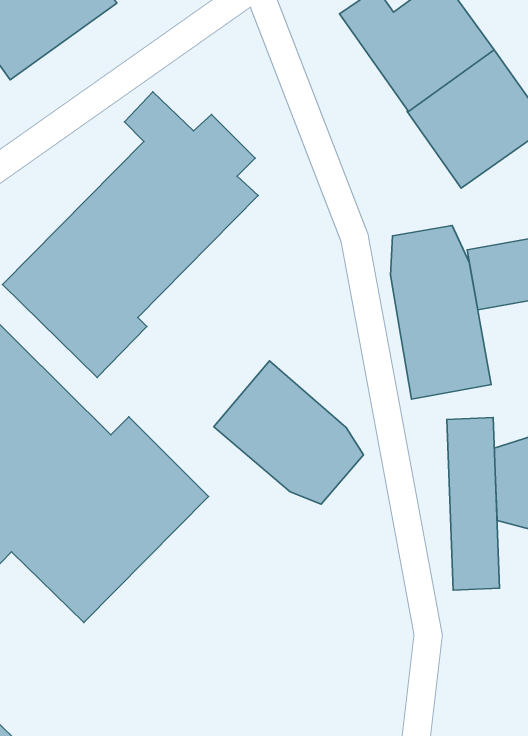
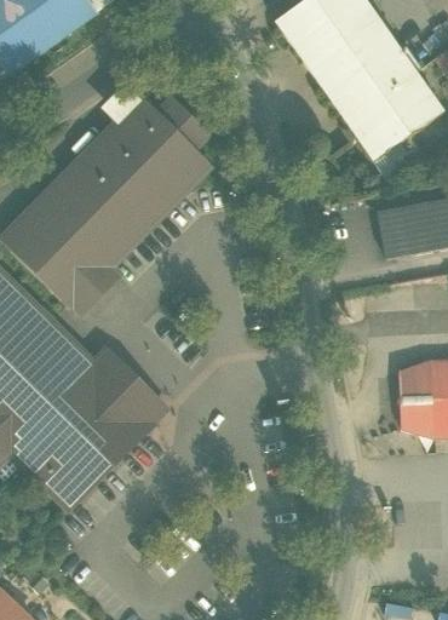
building: [390,226,491,399] -> none
building: [214,361,363,504] -> none
building: [447,417,499,590] -> none

